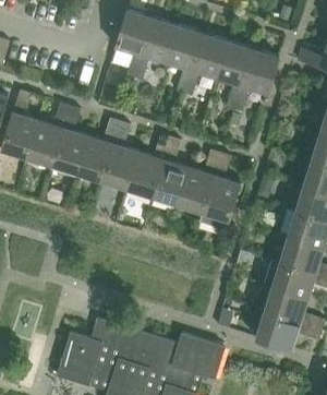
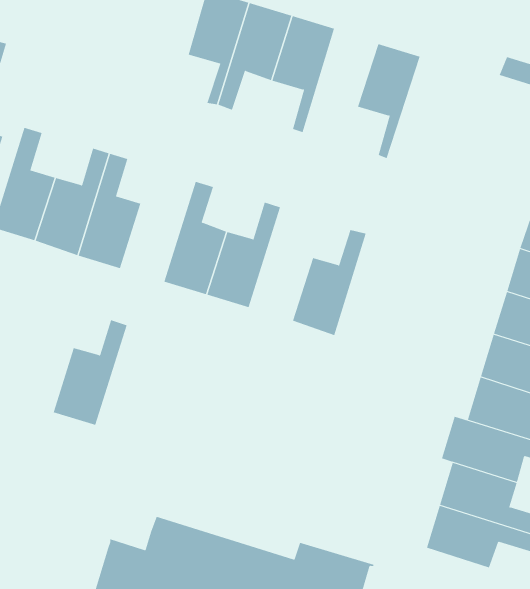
building: [183,33,227,96] -> none
building: [232,49,279,112] -> none
building: [76,119,120,181] -> [53,320,127,426]
building: [152,137,189,204] -> none
building: [198,153,240,230] -> none

